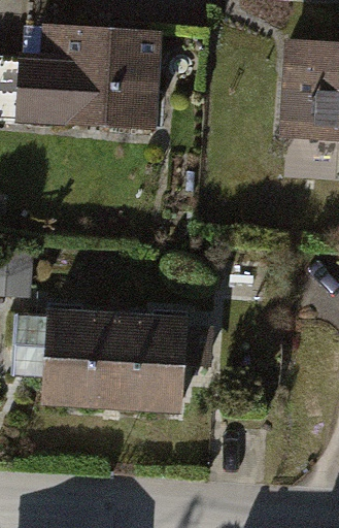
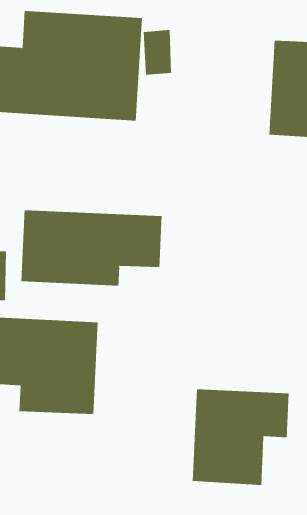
building: none -> [21,209,162,287]
building: [115,322,210,416] -> [192,389,290,486]

